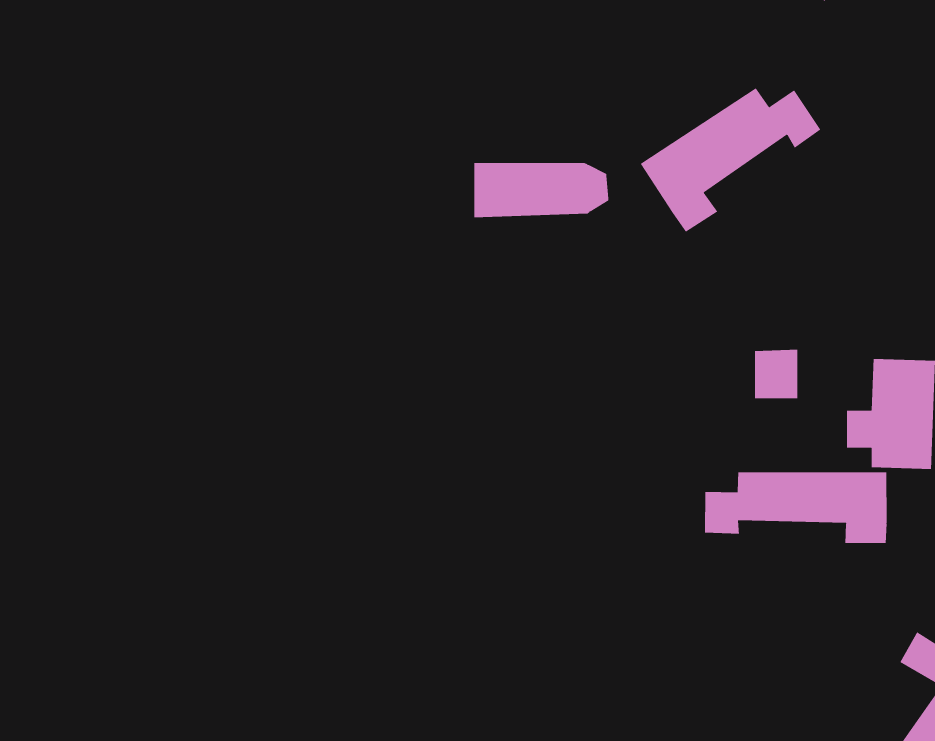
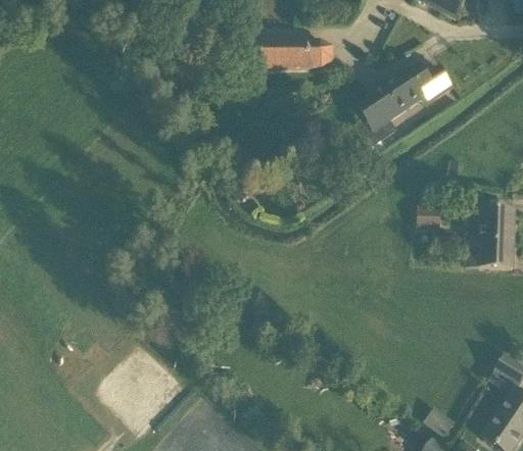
building: [474,162,609,218] -> [259,40,332,69]
building: [704,471,887,544] -> none

